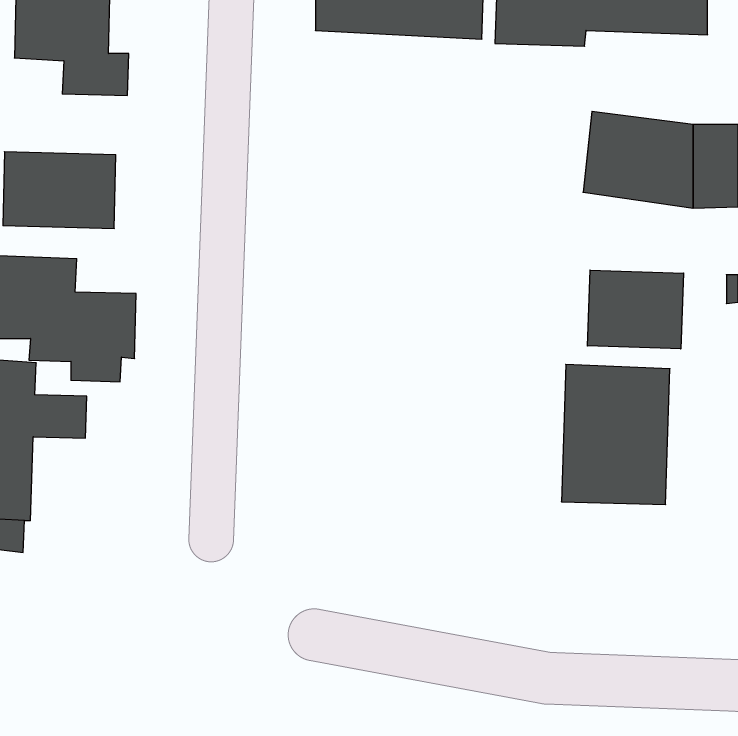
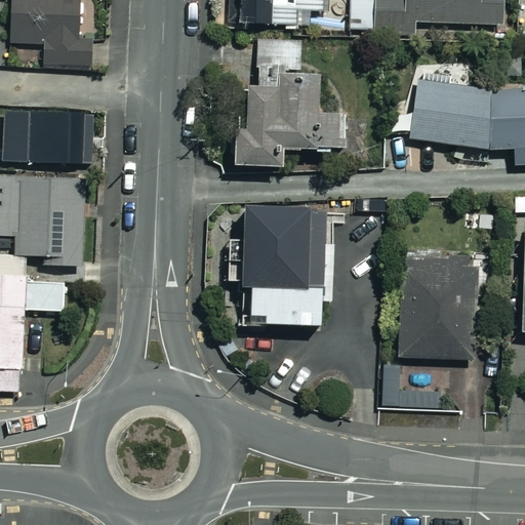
building: none -> [235,39,342,165]
building: [587,270,684,349] -> none
building: none -> [228,204,327,325]

